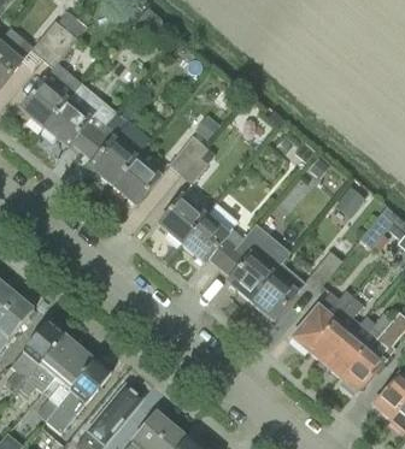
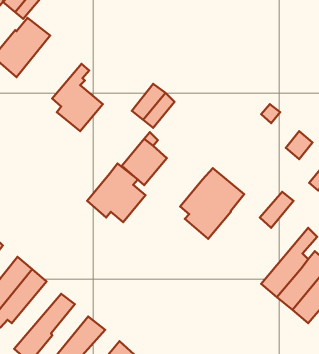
building: [46,83,117,150] -> none
building: [115,156,160,203] -> none
building: [183,203,246,266] -> [87,164,146,222]
building: [252,272,304,319] -> none
building: [293,288,359,349] -> none
building: [36,347,94,419] -> none

